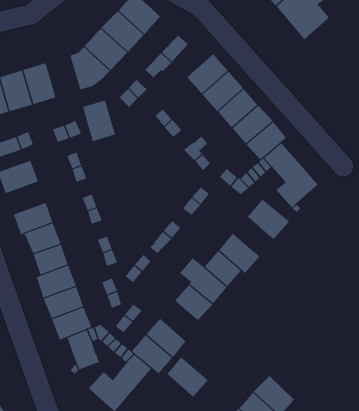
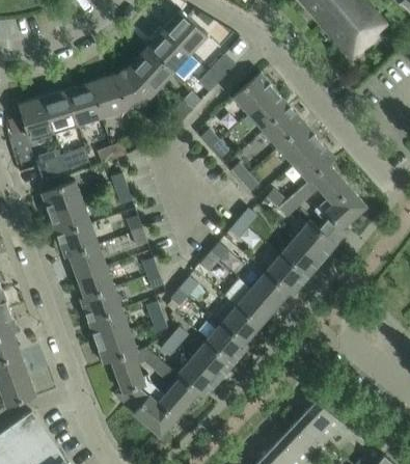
building: [82,100,116,142] -> [90,76,125,118]
building: none -> [49,203,90,237]
building: none -> [279,239,321,279]
building: [166,356,208,397] -> [206,324,248,365]

